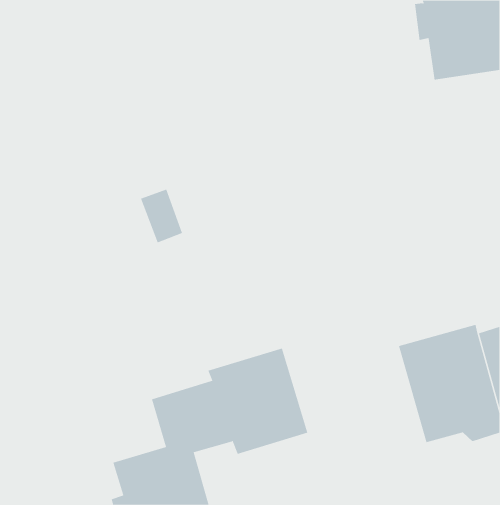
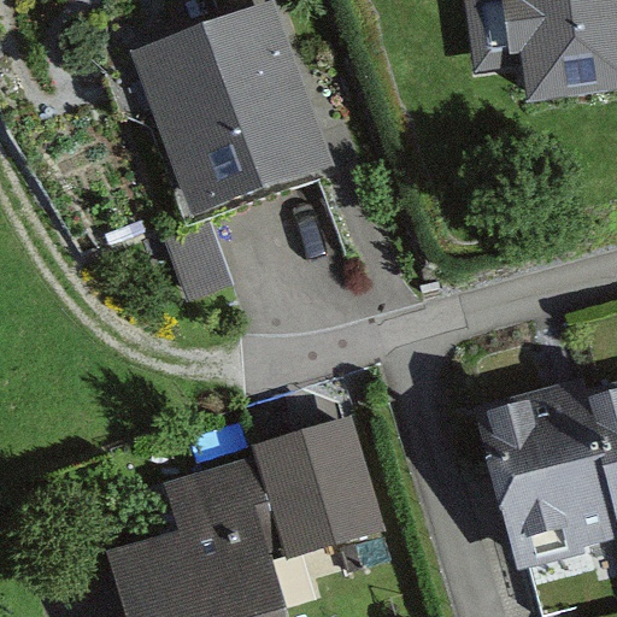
building: none -> [145,16,311,205]

